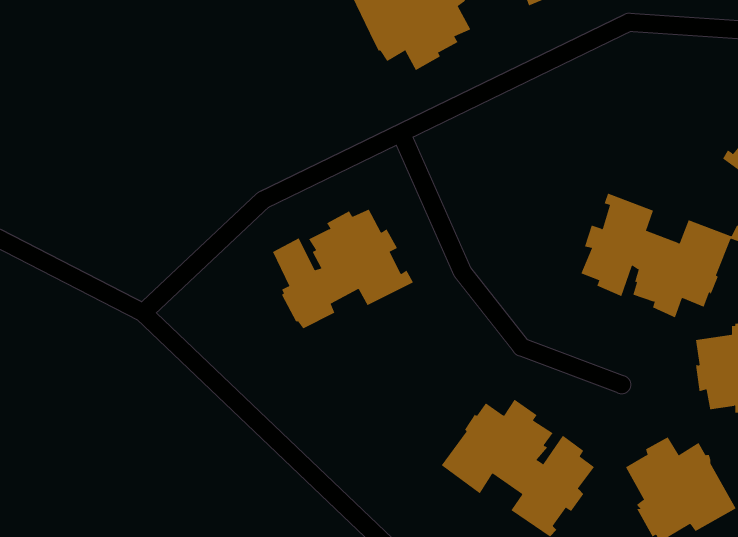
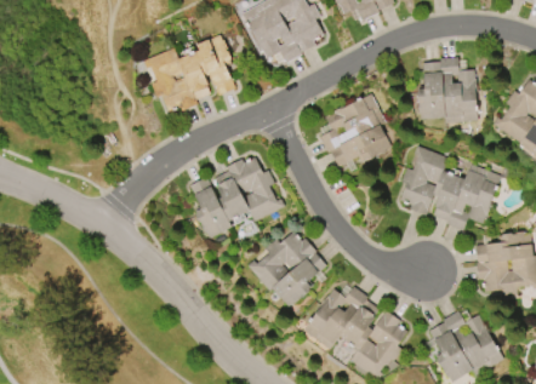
building: none -> [143,34,235,111]
building: none -> [417,58,478,124]
building: none -> [319,94,390,167]
building: none -> [247,233,326,306]

